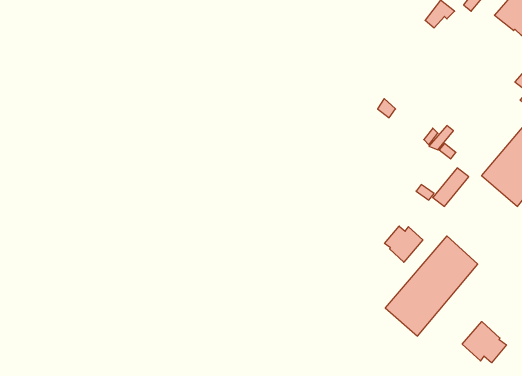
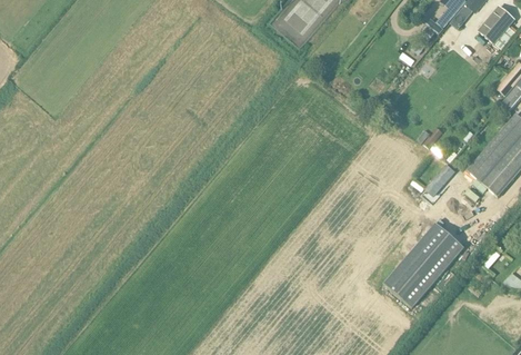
building: [385,226,423,262] -> none
building: [462,322,506,363] -> none

